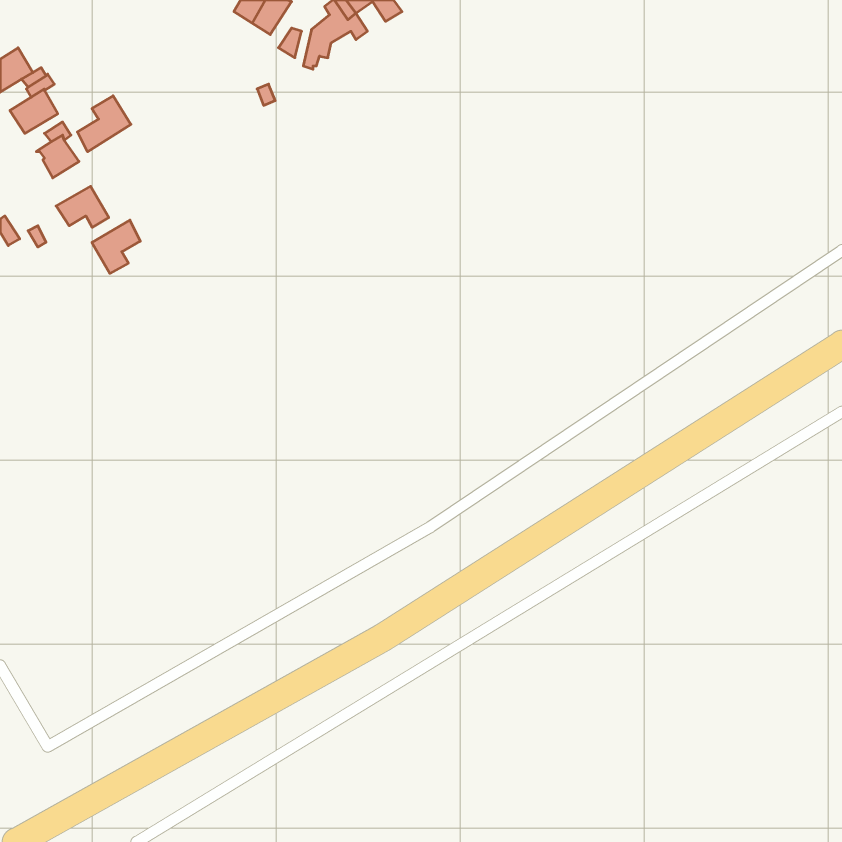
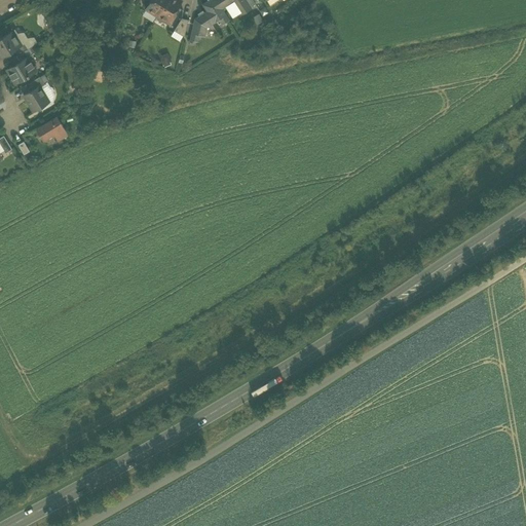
building: [77,96,131,152] -> none
building: [92,220,140,273] -> none

